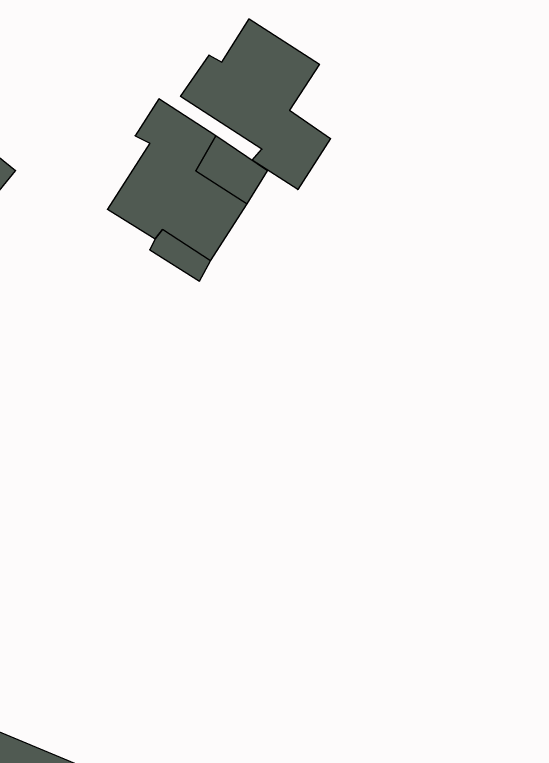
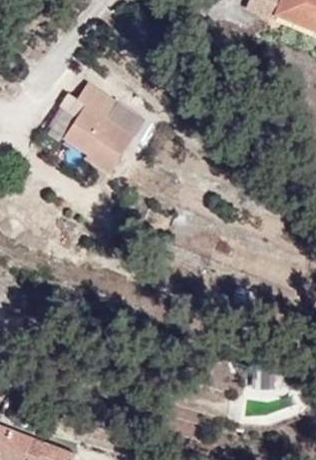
building: [181,19,331,190] -> none

